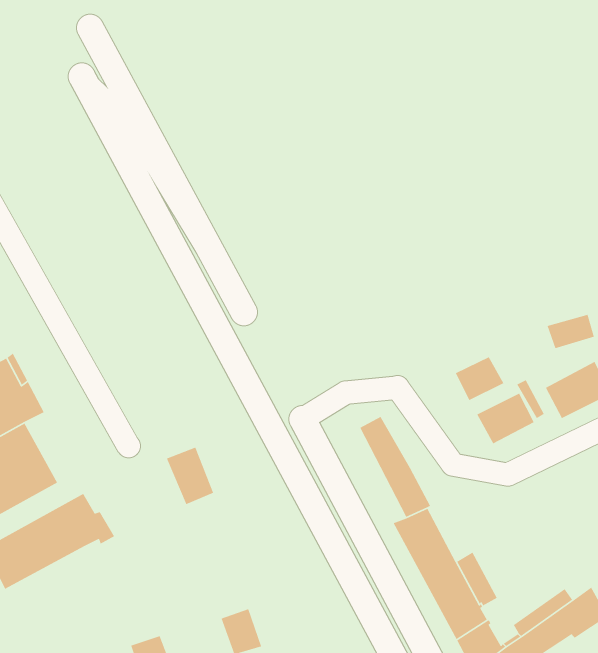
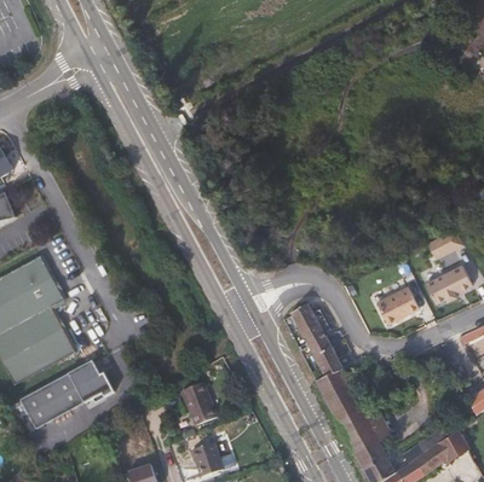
building: [455,356,504,401] -> none
building: [166,446,214,505] -> [180,382,215,424]

